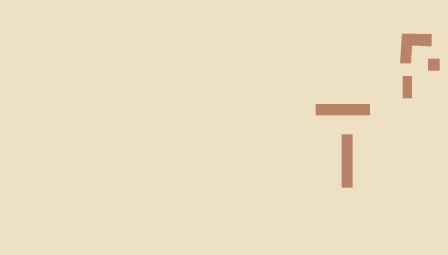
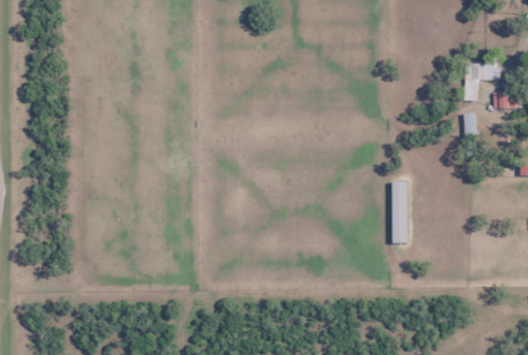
building: [315,103,371,116] -> none

